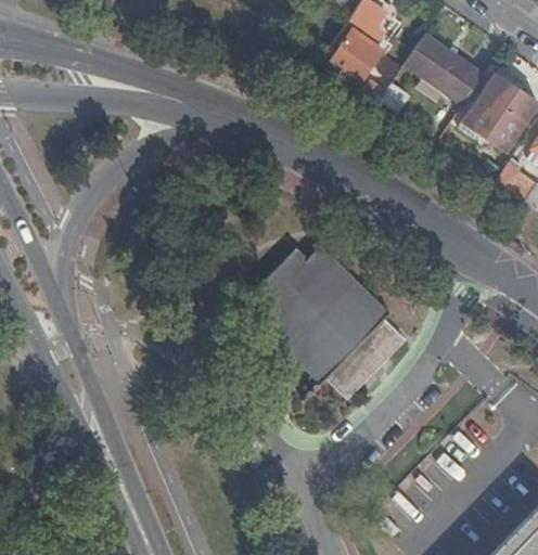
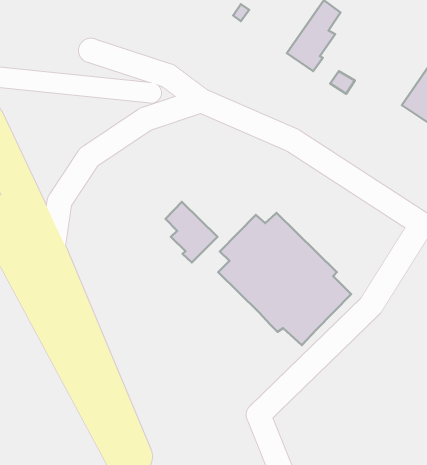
building: [406,34,484,105] -> none
building: none -> [165,202,217,263]

